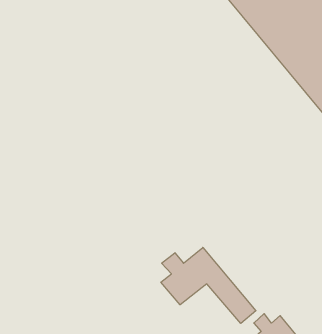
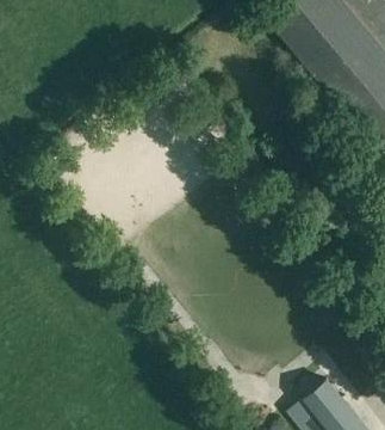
building: [161,247,256,323] -> none

